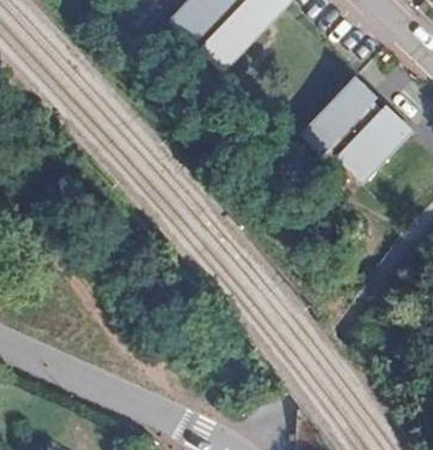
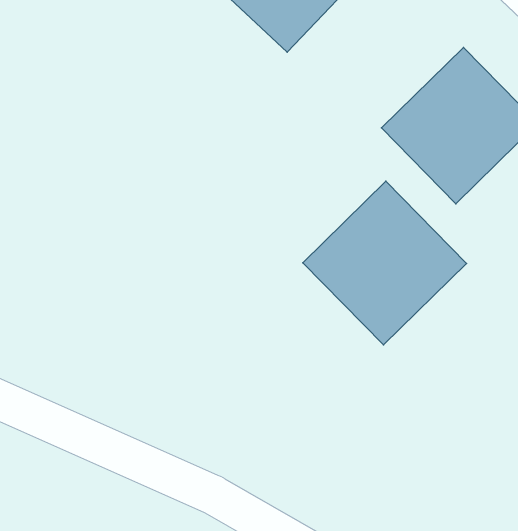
building: none -> [303,181,467,345]

